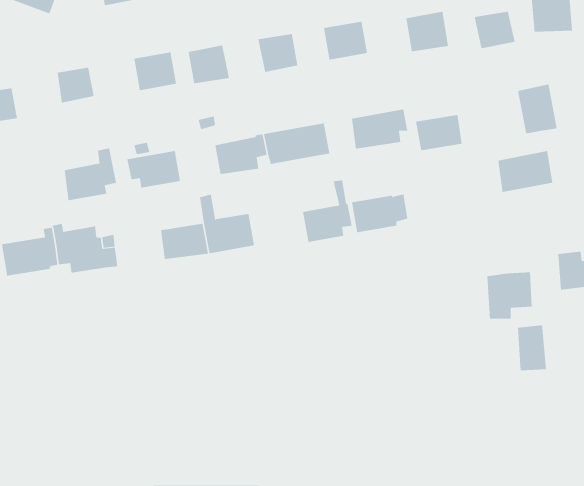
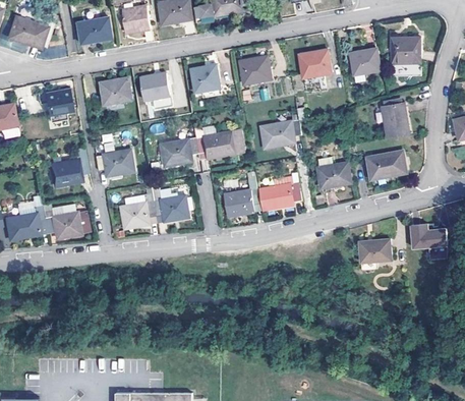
building: [415,115,462,151] -> [316,162,351,188]
building: [517,325,546,371] -> none

